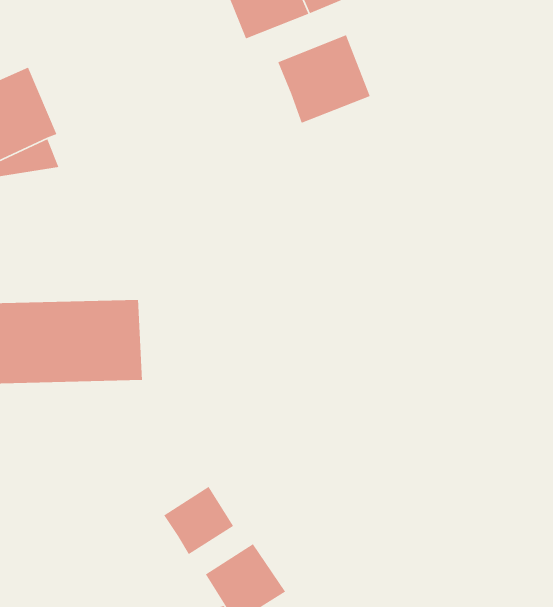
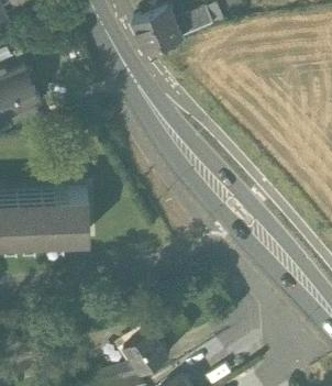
building: [277,34,371,124] -> none
building: [163,486,234,555] -> none

